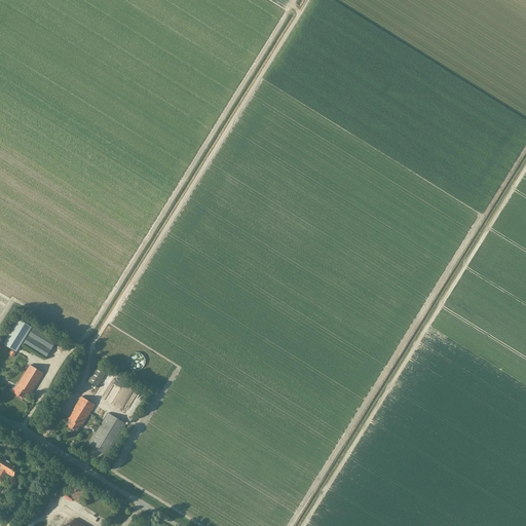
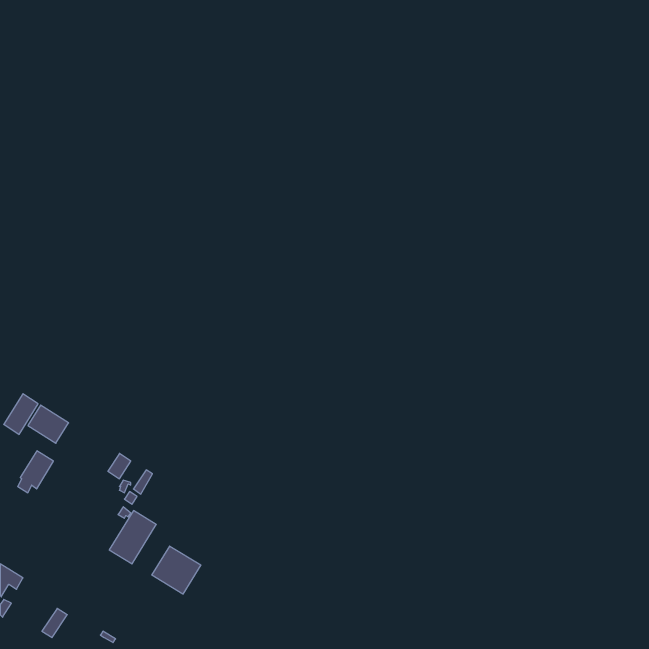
building: [68,397,95,431] -> none
building: none -> [152,546,201,594]

